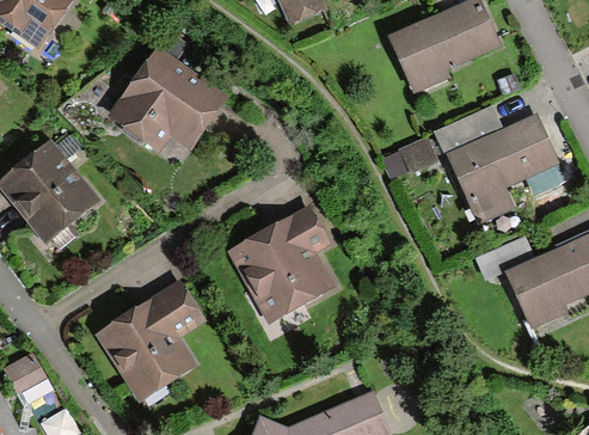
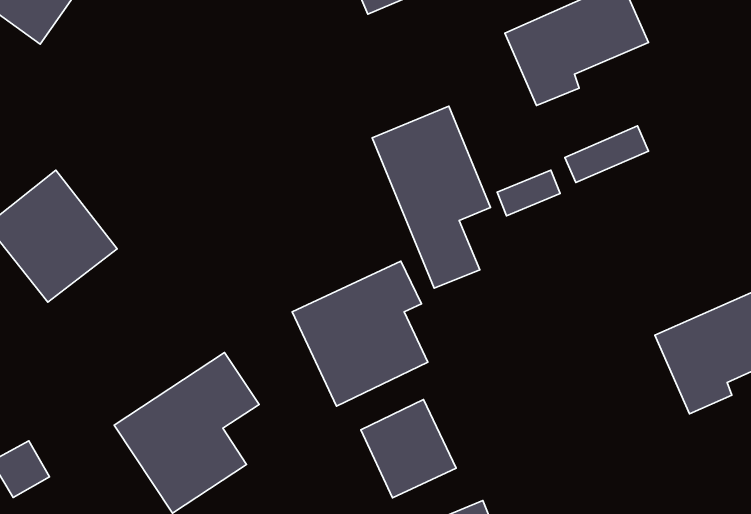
building: [112,50,226,147] -> none
building: none -> [372,106,491,288]
building: [448,116,557,221] -> none
building: none -> [361,400,456,498]

